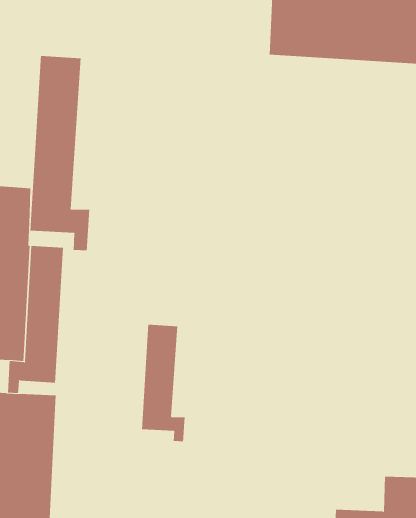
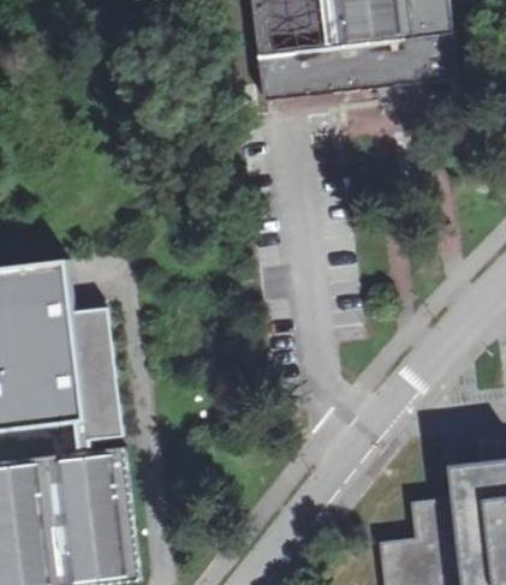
building: [30,55,90,251] -> none
building: [142,324,185,442] -> none

